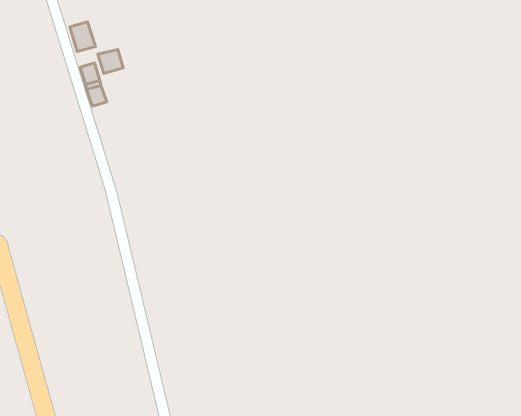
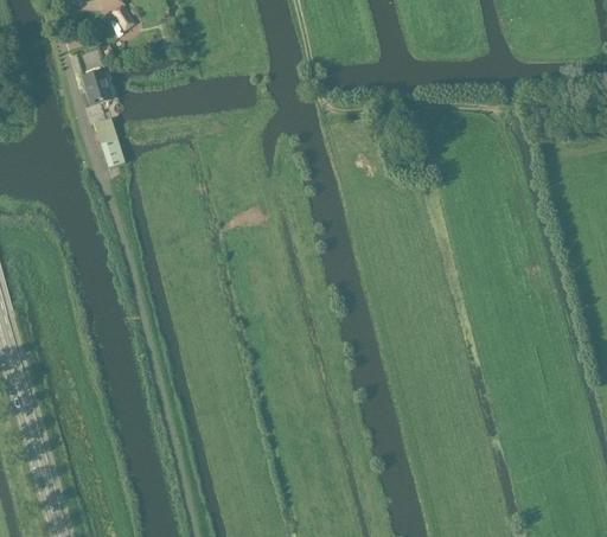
building: [98,49,123,73] -> none

